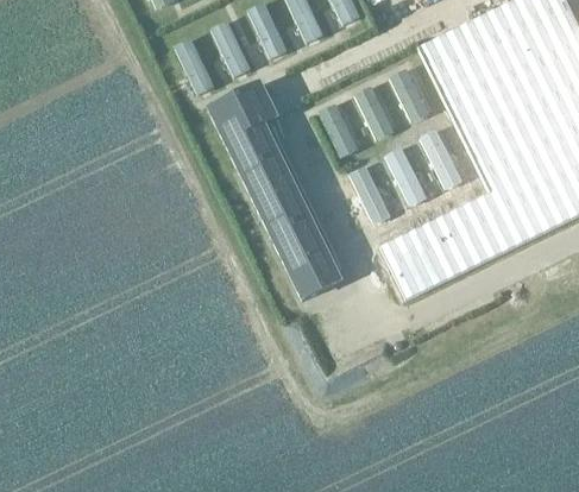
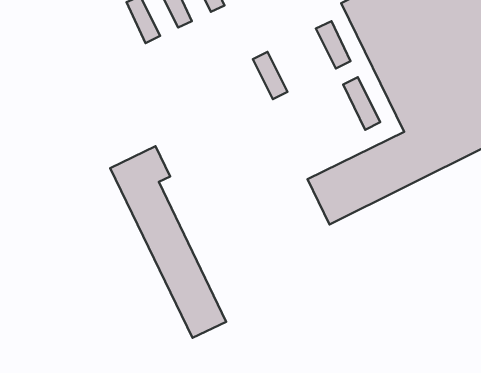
building: [209,81,340,297] -> [110,146,226,338]
building: [354,86,395,138] -> none
building: [385,147,428,207] -> none
building: [350,165,392,225] -> none

